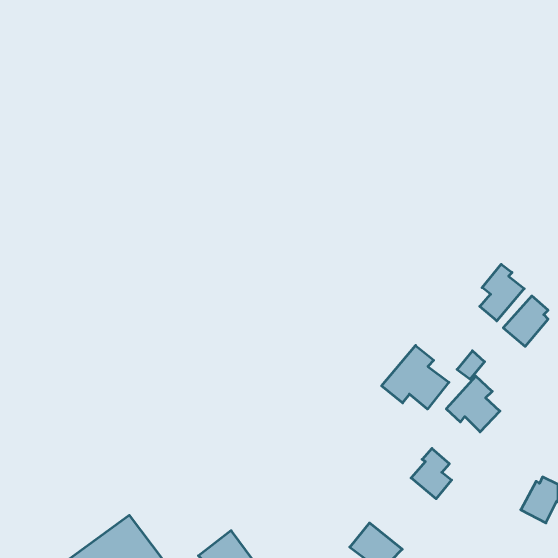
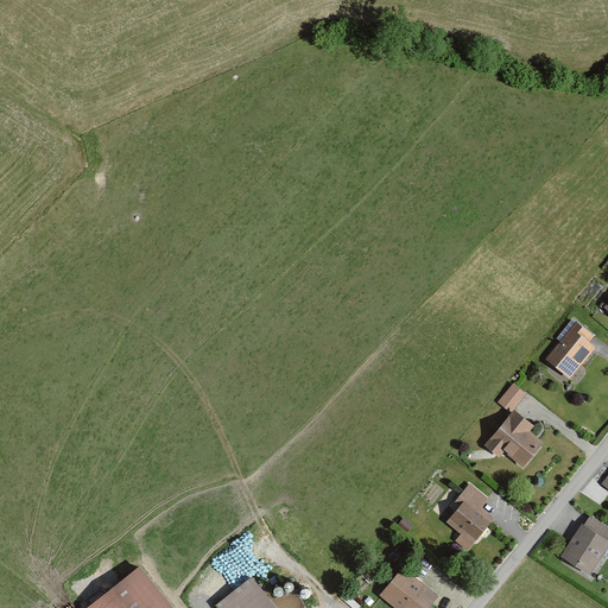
building: [480,264,524,321] -> none
building: [382,345,449,409] -> none

